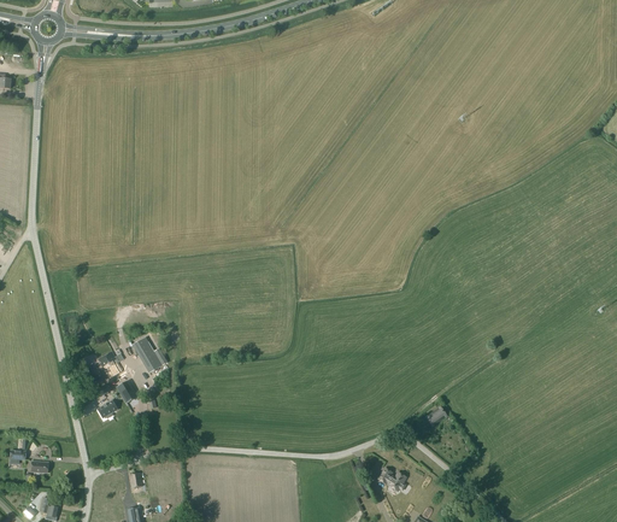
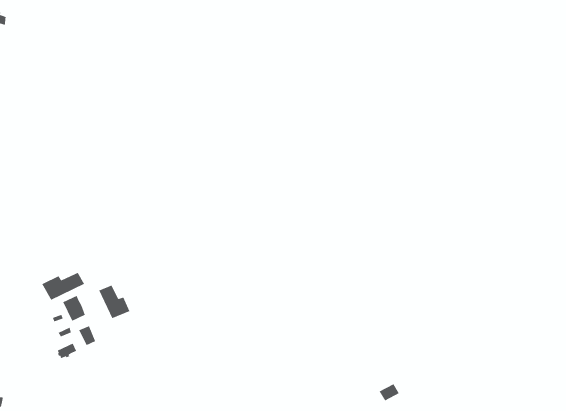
building: none -> [41,272,85,301]

